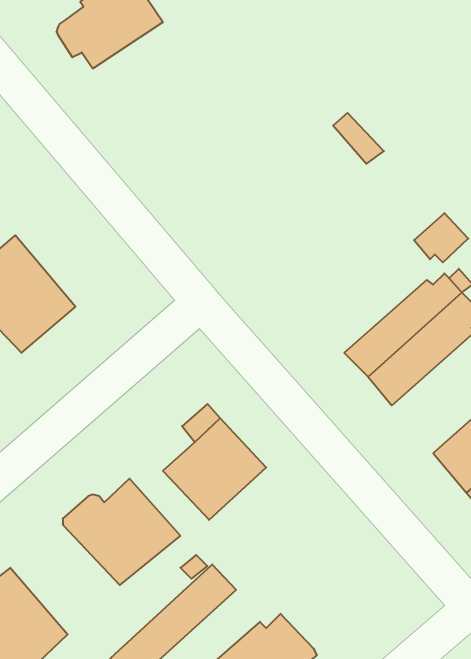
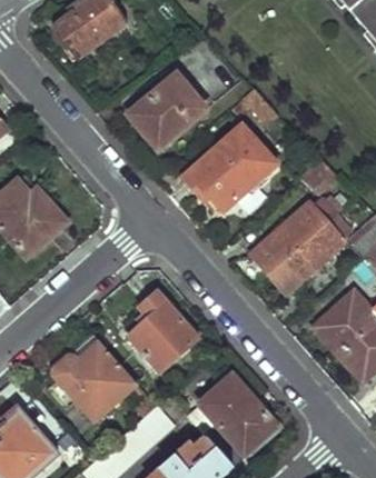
building: none -> [131,76,205,146]
building: none -> [185,123,277,215]
building: none -> [188,371,277,460]

